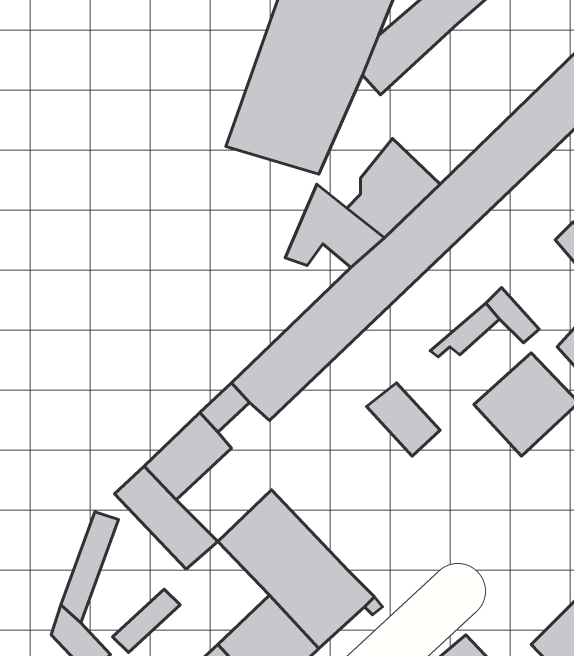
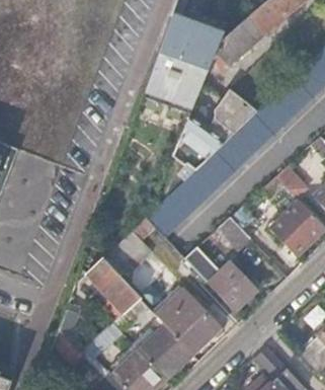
building: none -> [185,247,258,312]

